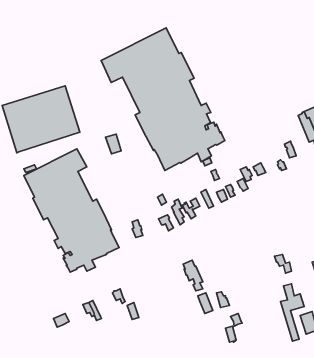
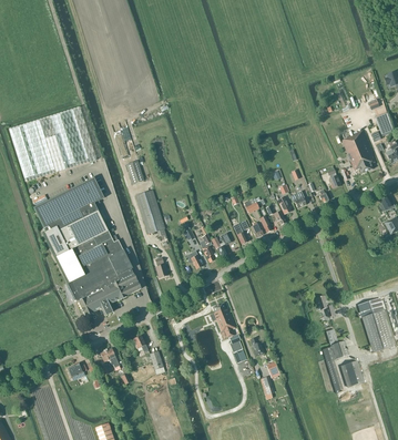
building: [101,28,225,171] -> none
building: none -> [135,190,165,236]

